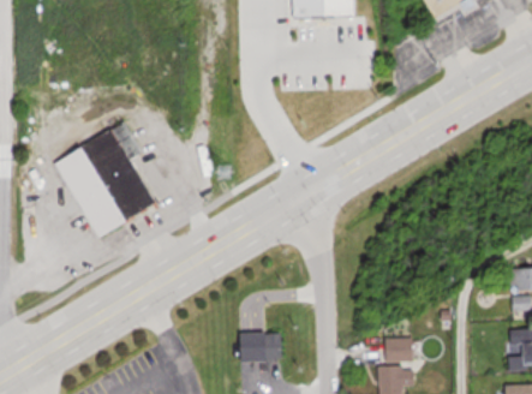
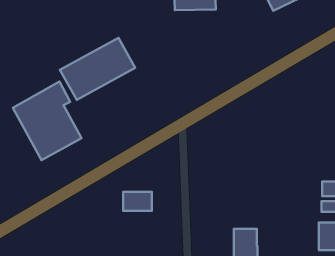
building: none -> [60,38,135,100]
building: [241,333,283,360] -> [123,192,152,211]

